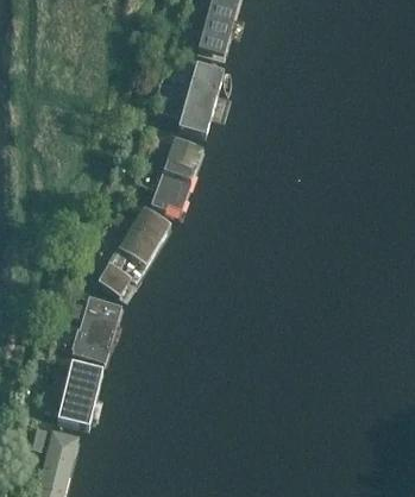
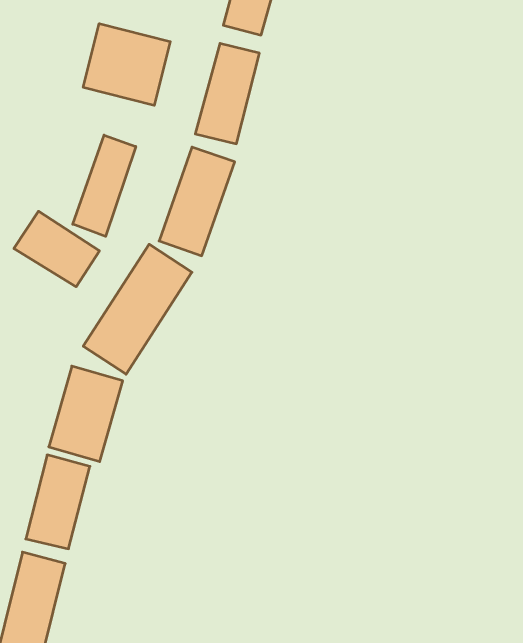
building: none -> [83,24,170,105]
building: none -> [73,135,136,236]
building: none -> [14,211,99,287]

